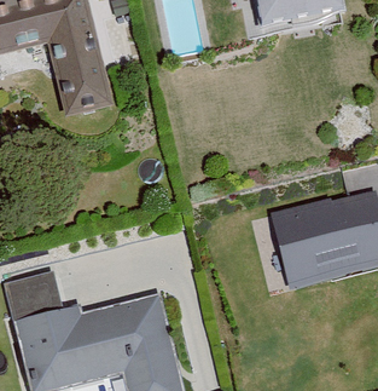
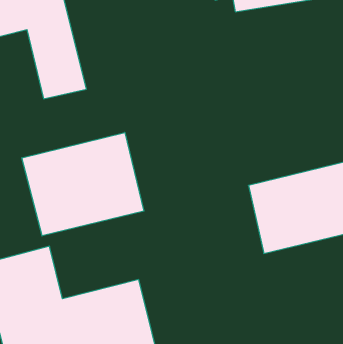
building: none -> [22,132,144,236]

